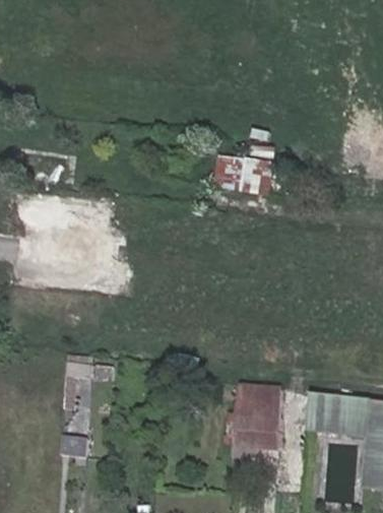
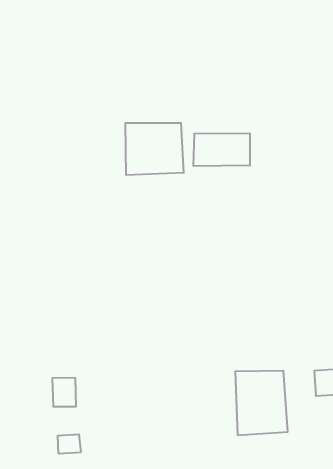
building: none -> [126,123,184,175]

